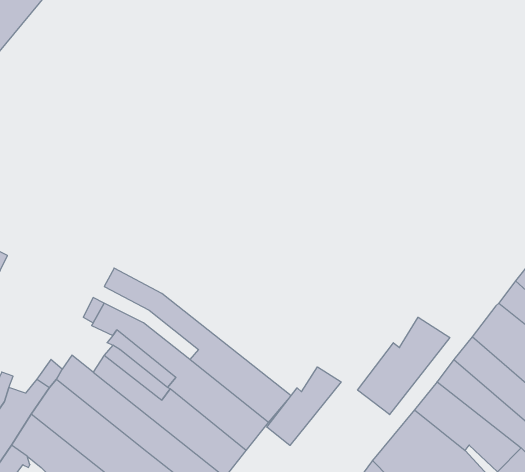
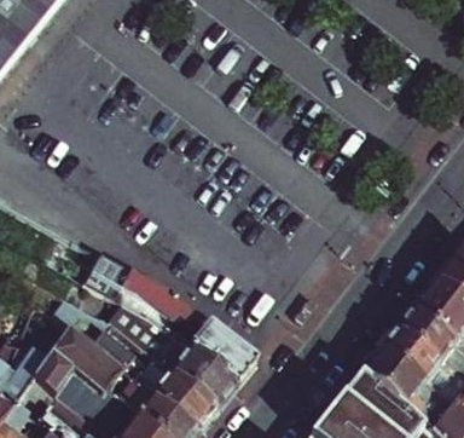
building: [358,317,450,415] -> none
building: [267,367,341,445] -> none

